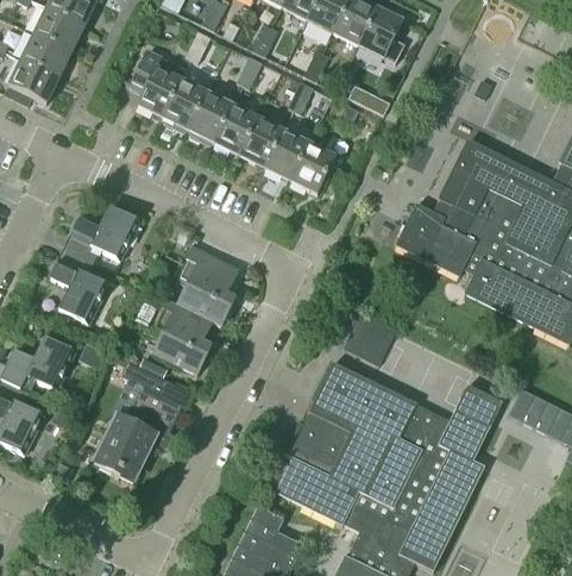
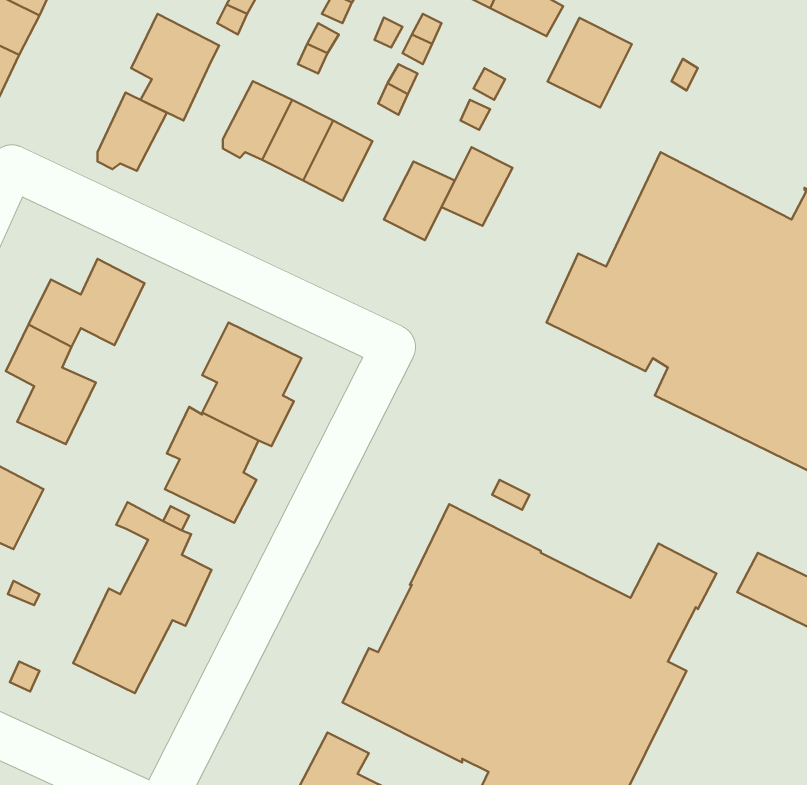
building: none -> [548,18,632,108]
building: [164,79,208,129] -> [98,92,167,171]
building: [265,130,310,180] -> [441,147,512,226]

